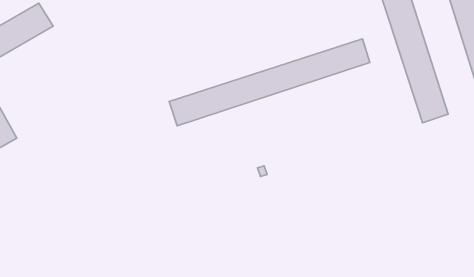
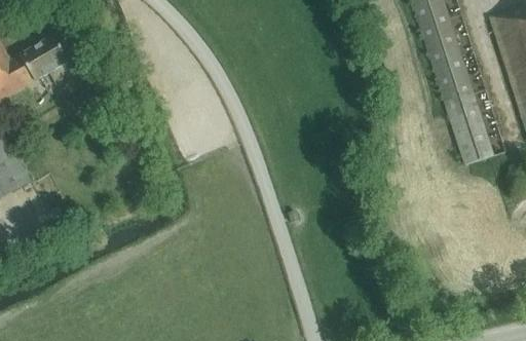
building: [169,39,370,126] -> none

